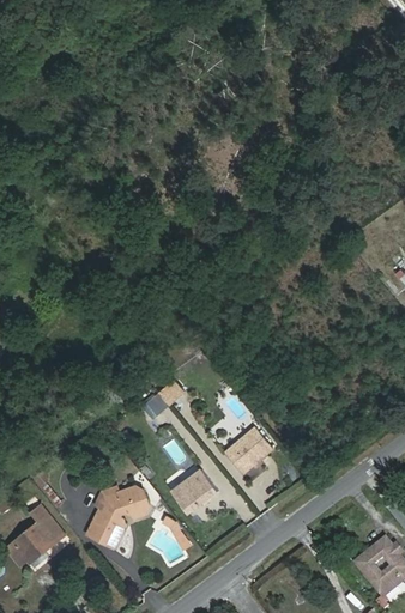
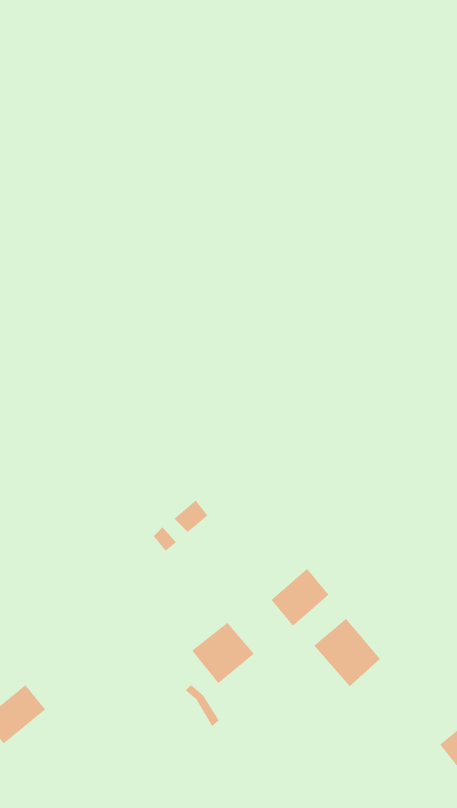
building: none -> [313,618,381,687]
building: [92,484,153,542] -> none

